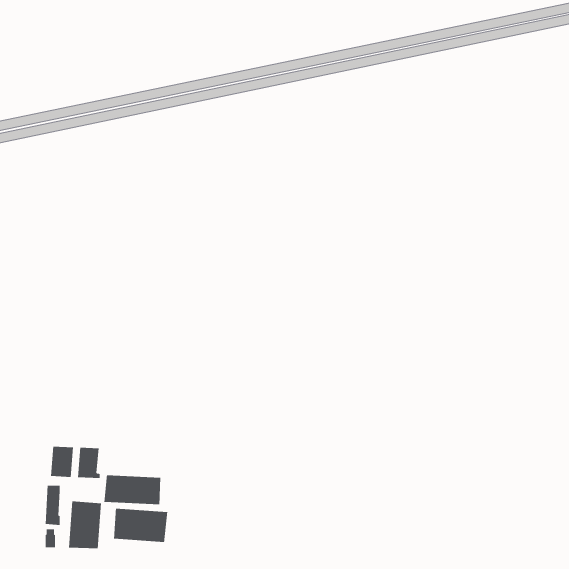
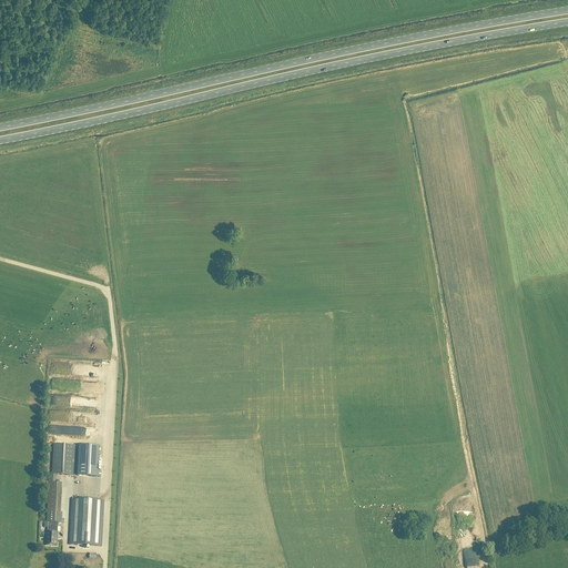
building: [104,475,161,505] -> none
building: [113,508,168,543] -> none

